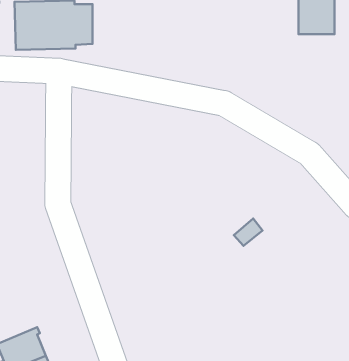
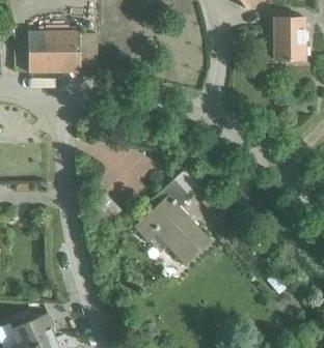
building: none -> [135,179,209,263]

